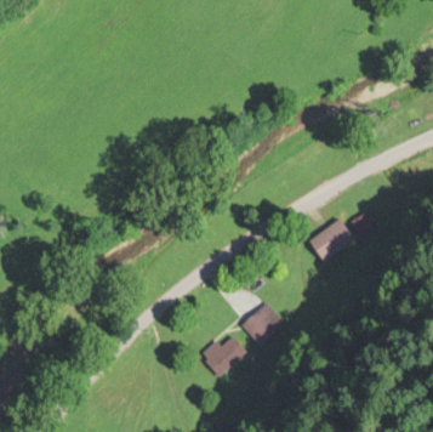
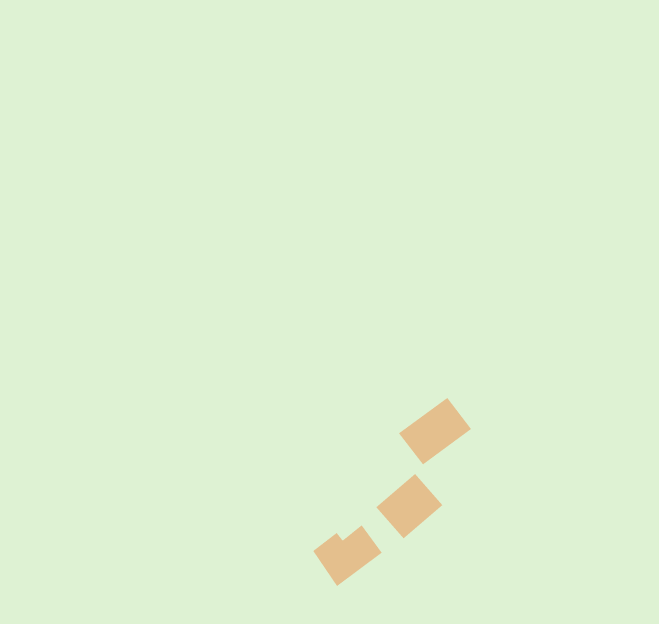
building: [308,218,355,262] -> [398,397,472,465]

